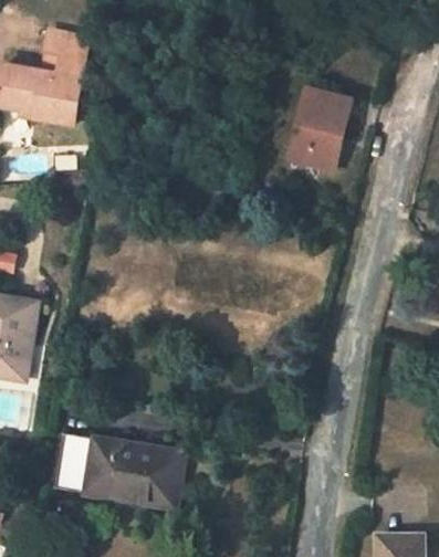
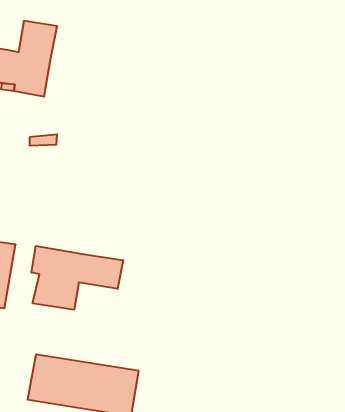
building: [290,88,352,170] -> none
building: none -> [31,246,123,310]

